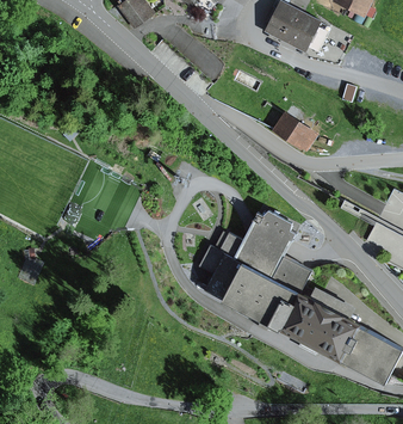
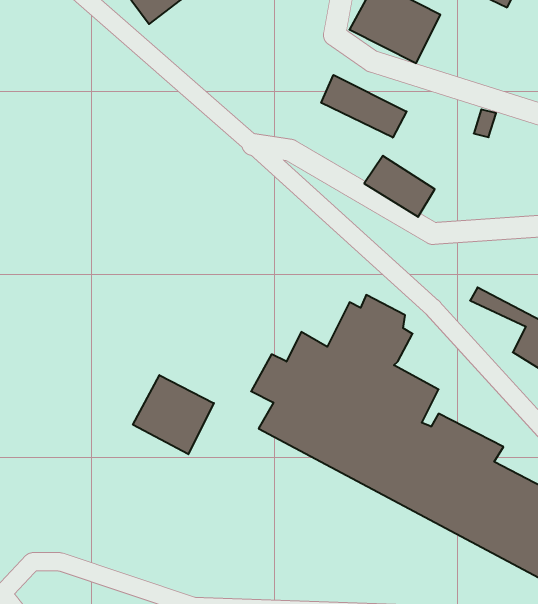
building: none -> [321,75,407,138]
building: none -> [133,375,214,454]

